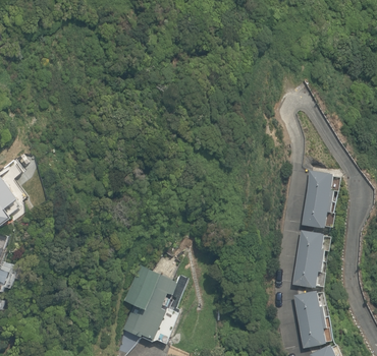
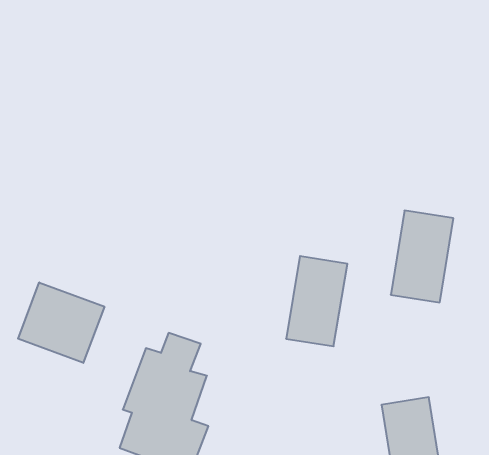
building: none -> [18,282,104,363]
building: [288,232,329,292] -> [286,256,347,346]

